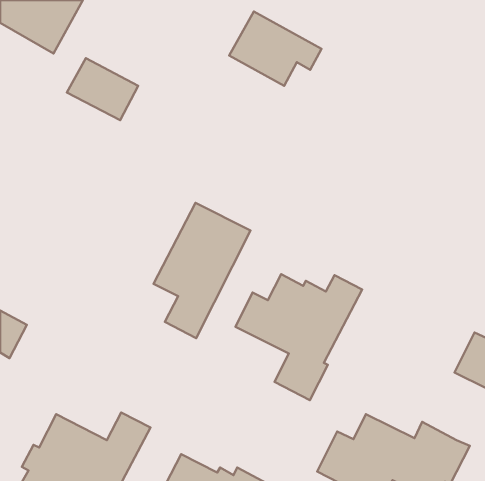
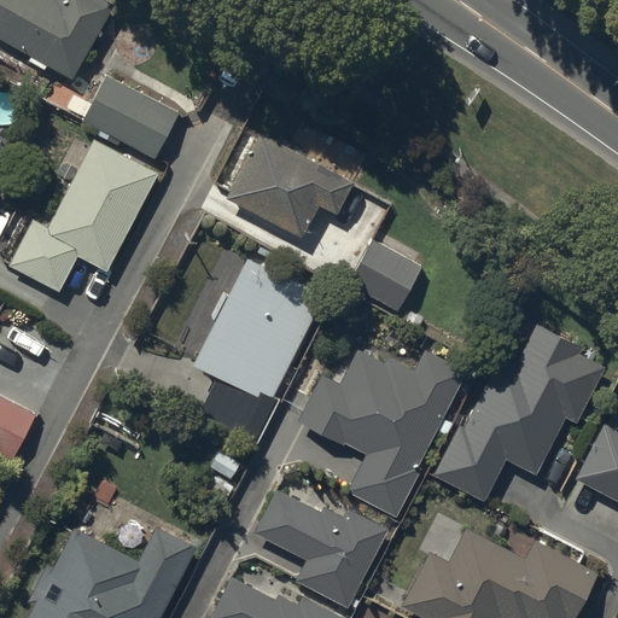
building: [229,12,321,86] -> [231,138,348,232]
building: none -> [13,147,151,288]
building: none -> [350,241,424,311]
building: none -> [435,328,600,500]
building: none -> [258,494,387,606]

